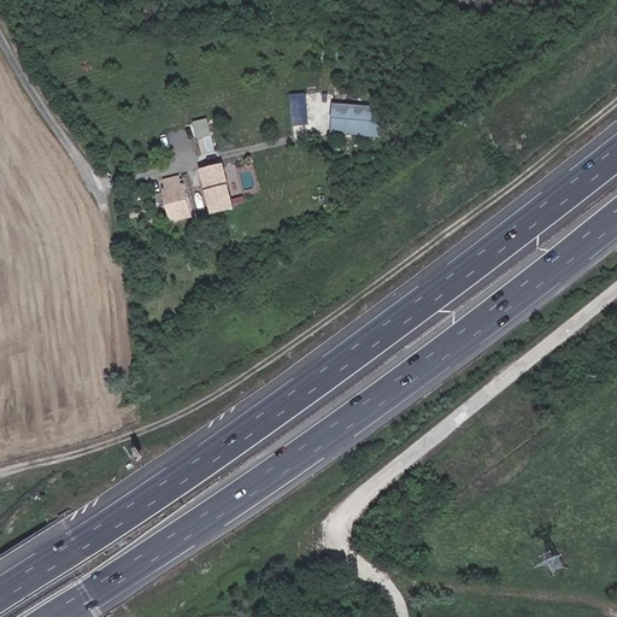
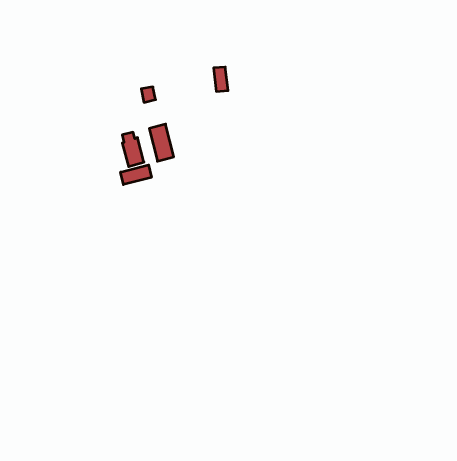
building: [327,100,381,134] -> none
building: none -> [121,165,151,185]

